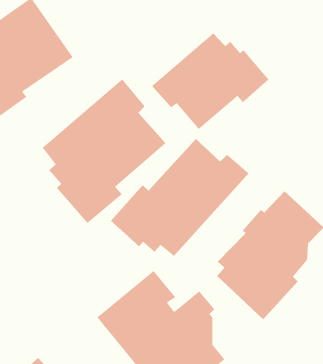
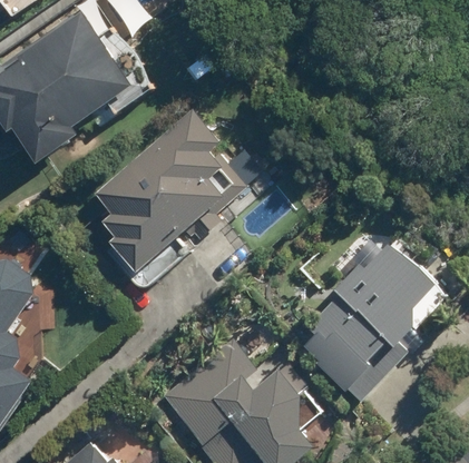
building: [151,32,269,130] -> none
building: [110,138,249,257] -> none

